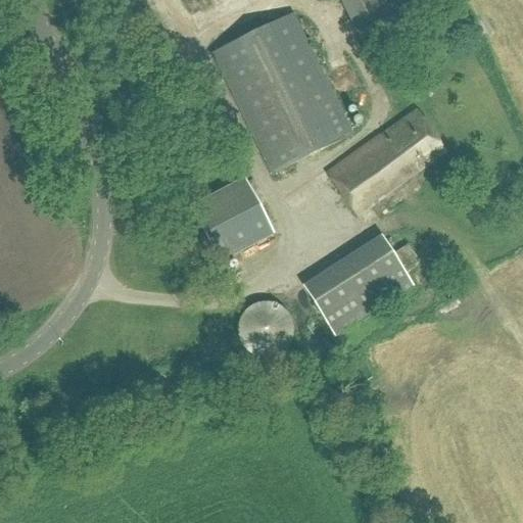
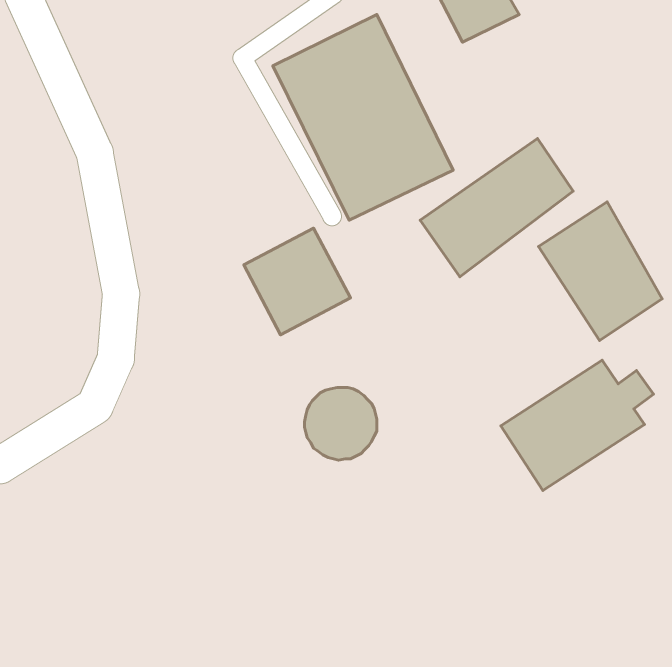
building: none -> [538,202,662,340]
building: [302,233,421,334] -> [501,360,654,491]

